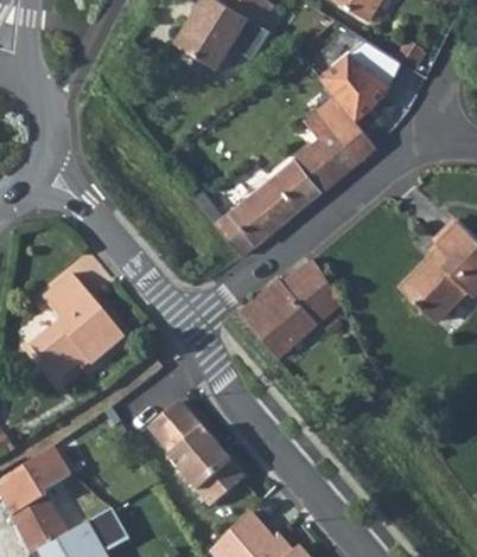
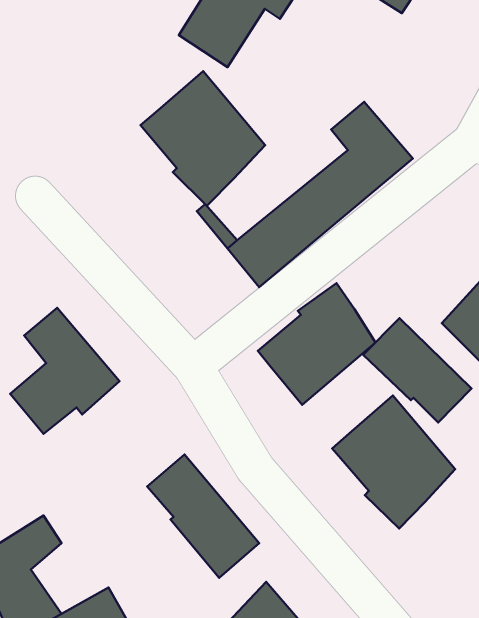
building: [317,40,401,121] -> none
building: none -> [141,71,265,206]
building: none -> [363,318,472,422]
building: none -> [332,395,455,528]

